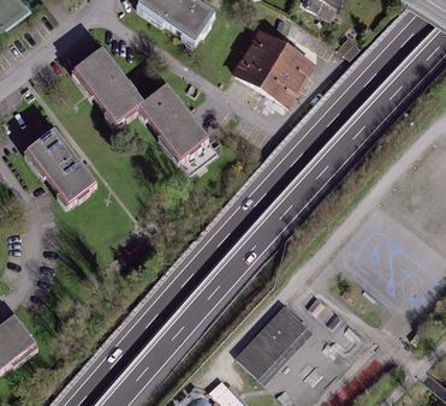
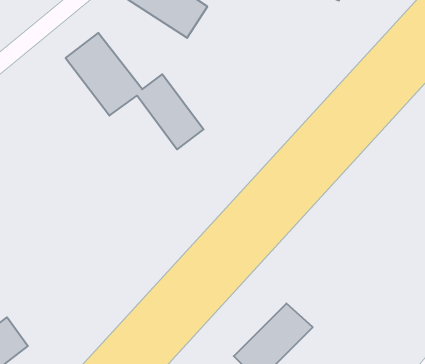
building: [228,35,315,117] -> none
building: [28,131,97,207] -> none

